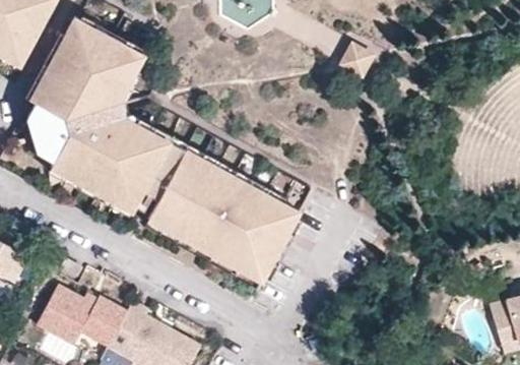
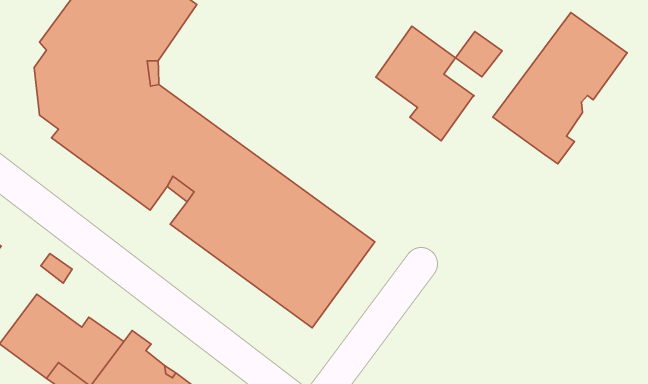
building: none -> [493,12,627,164]
building: none -> [376,26,474,141]

